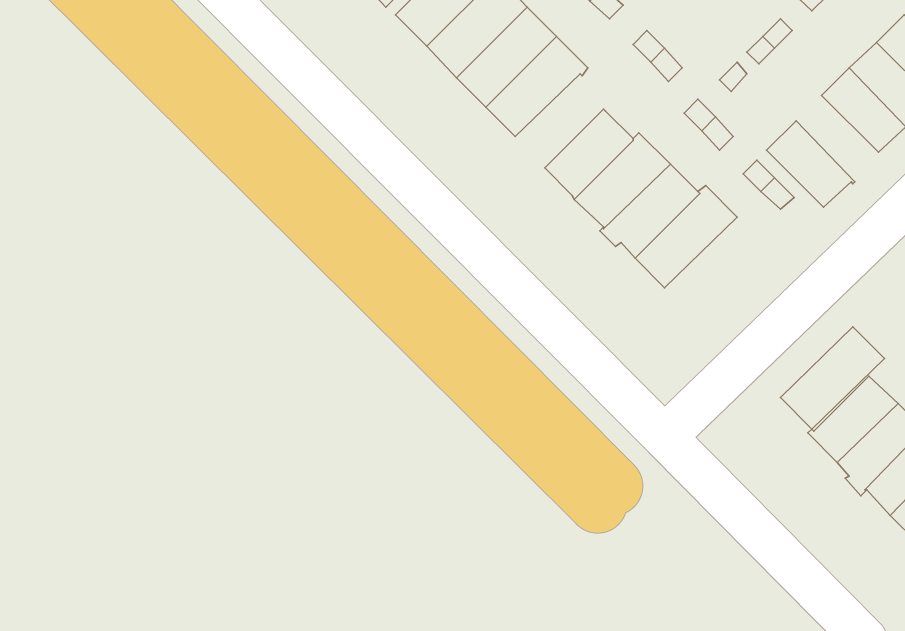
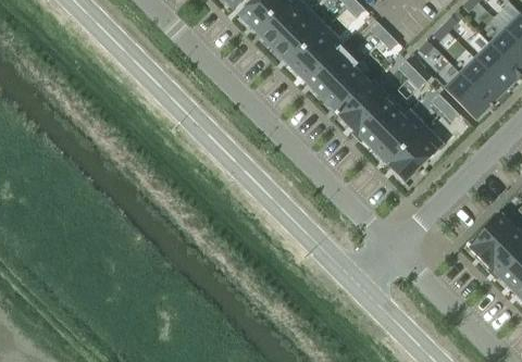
building: none -> [304,46,358,98]
building: none -> [460,58,506,105]
building: [780,327,884,429] -> [387,125,445,182]

